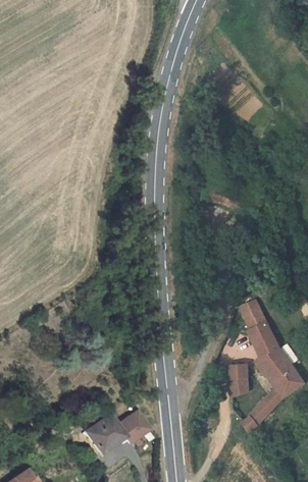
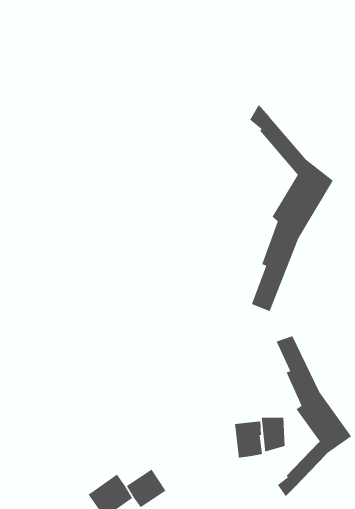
building: none -> [249,104,334,312]
building: none -> [234,421,263,458]

